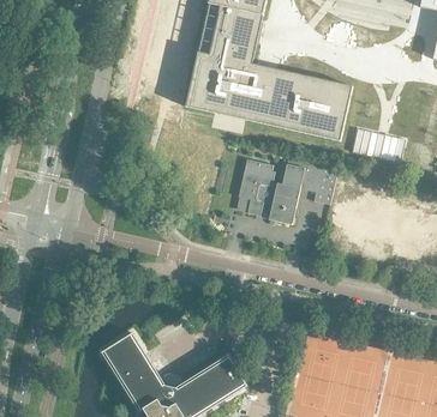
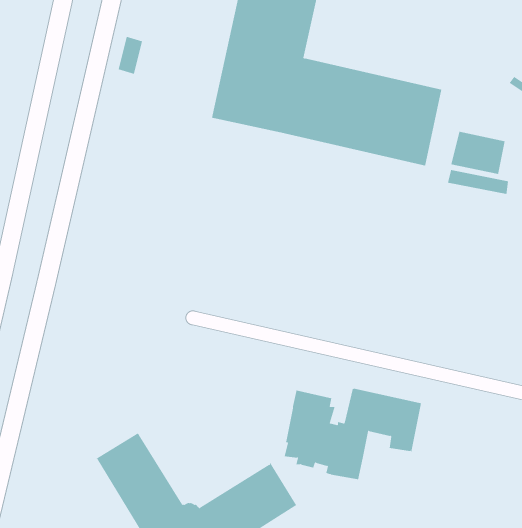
building: [237,157,336,223] -> [284,388,422,480]

